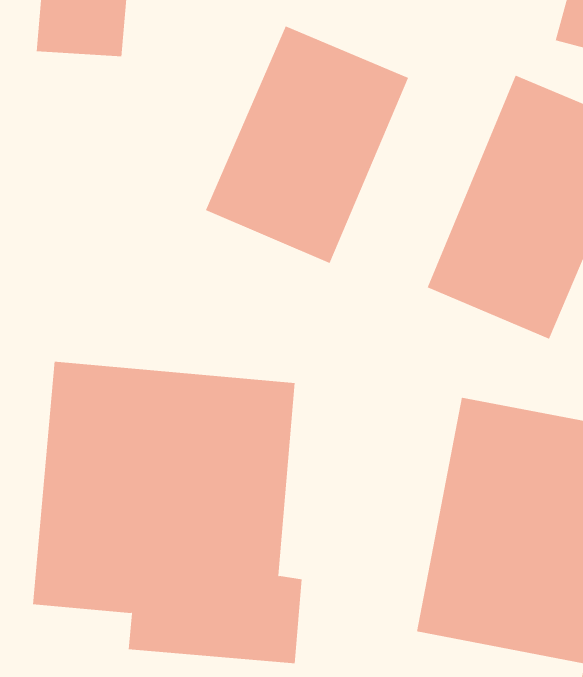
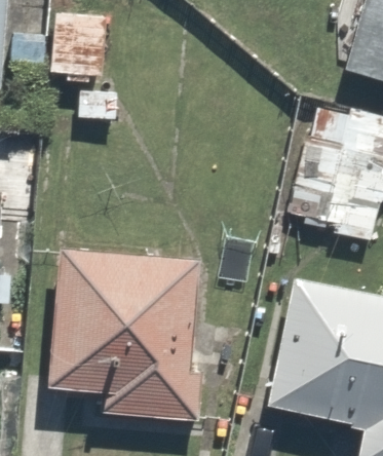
building: [205,25,409,264] -> none

